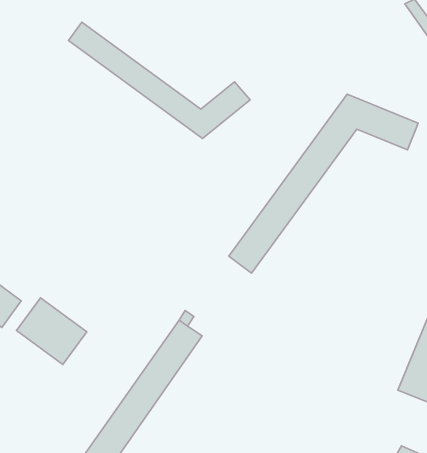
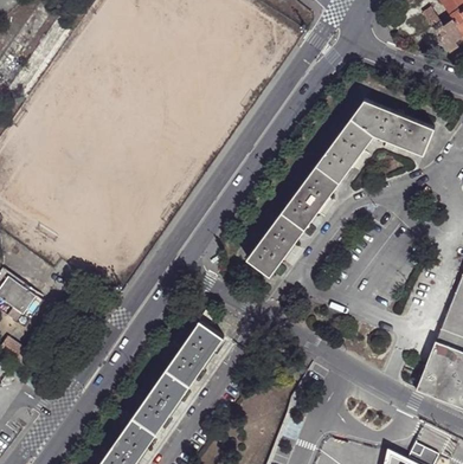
building: [69,22,250,138] -> none
building: [17,298,87,364] -> none

